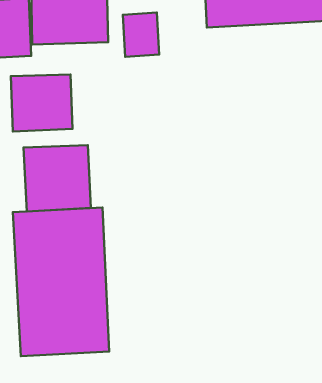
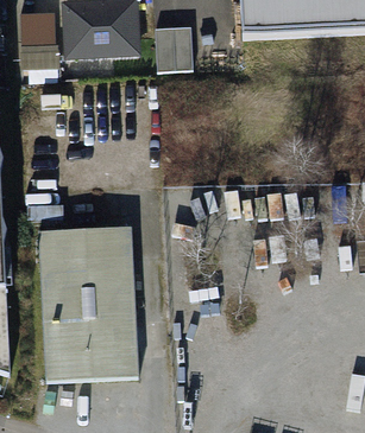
building: [11,75,73,131] -> none
building: [24,145,91,211] -> none

